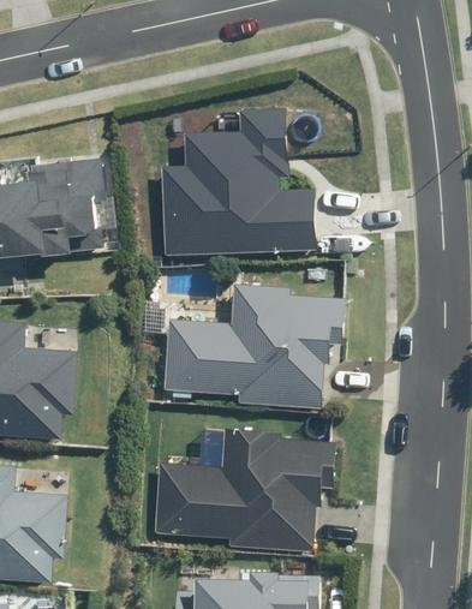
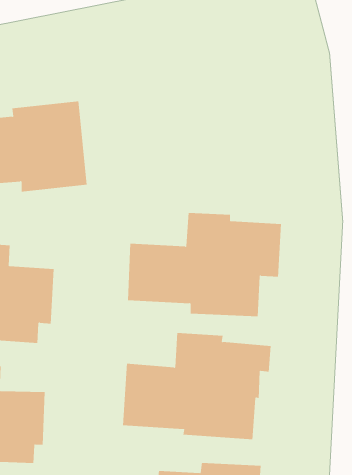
building: [161,107,307,256] -> none

